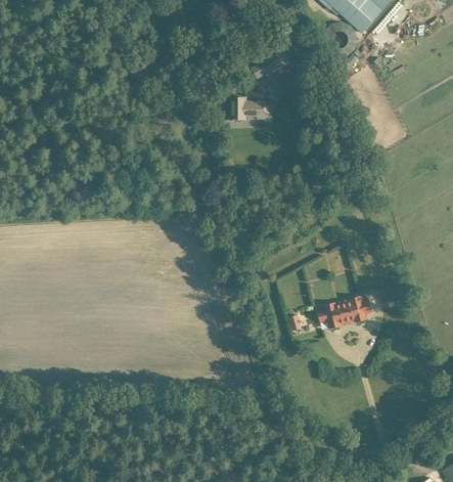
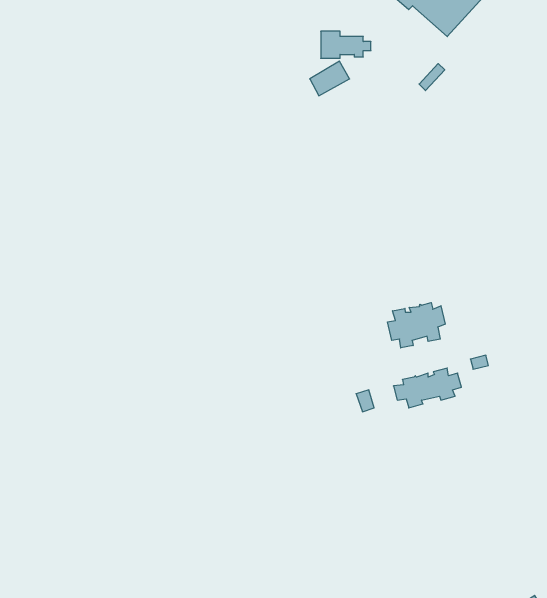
building: [233,97,273,119] -> [321,31,371,58]
building: none -> [388,303,445,348]

